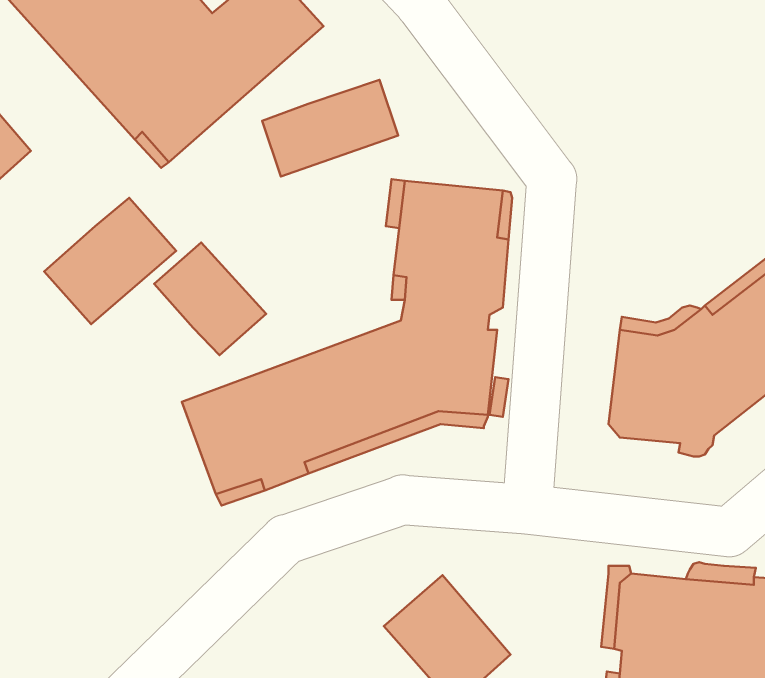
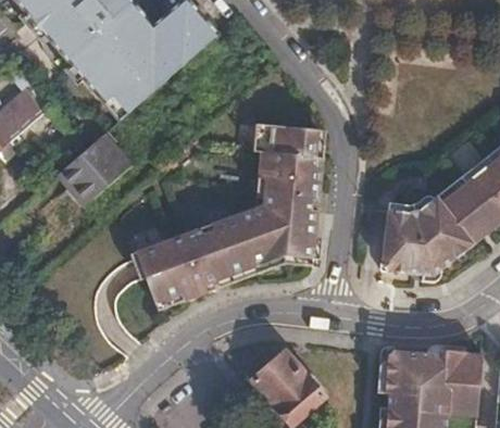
building: [262,80,398,176] -> none
building: [154,242,266,355] -> none

